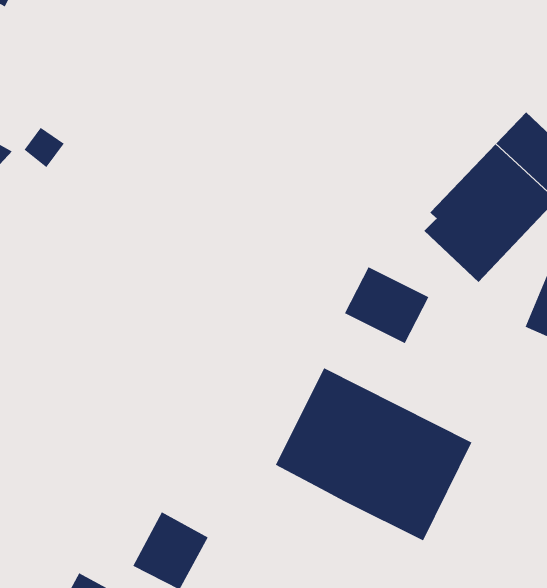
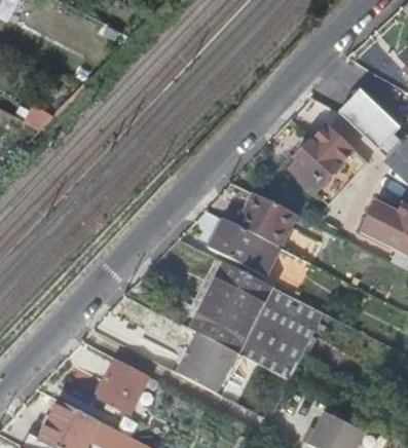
building: none -> [210,220,279,274]
building: none -> [168,332,237,406]

